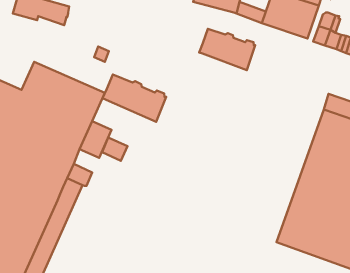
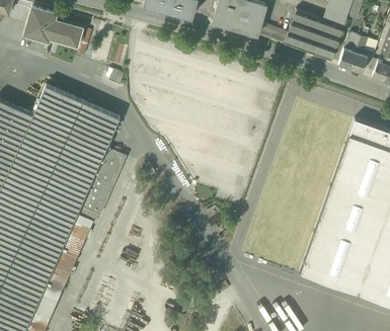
building: [199,29,255,70] -> none
building: [102,74,166,122] -> none
building: [102,138,128,161] -> [87,177,113,201]

